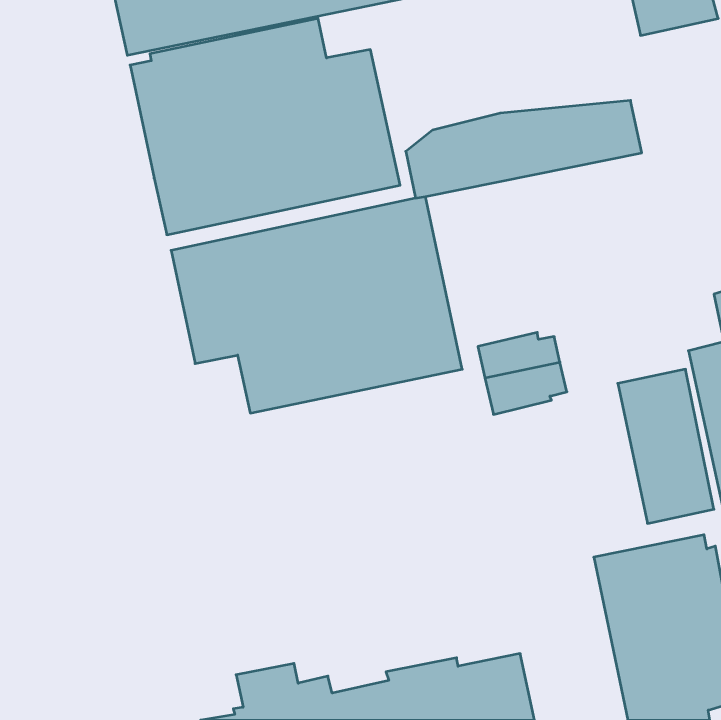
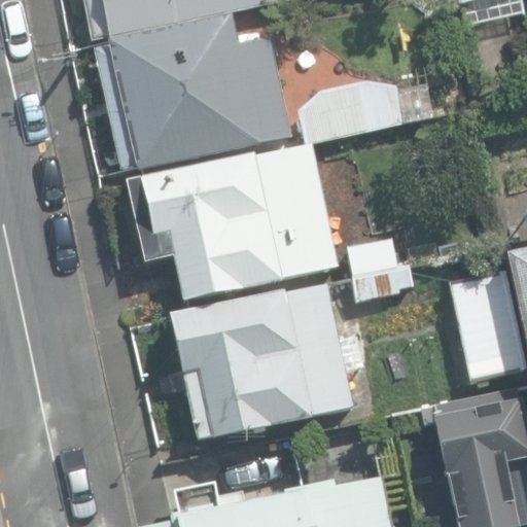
building: none -> [172,284,354,437]

